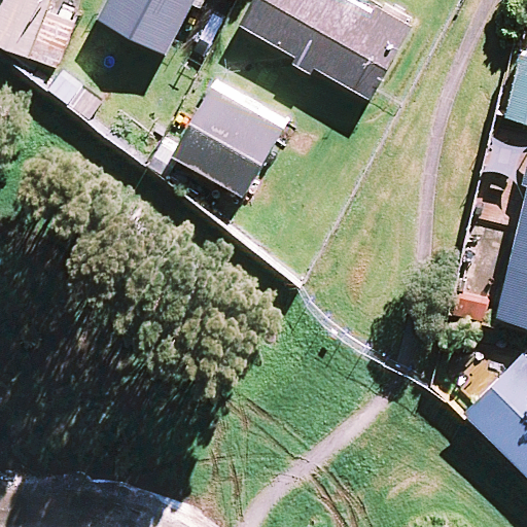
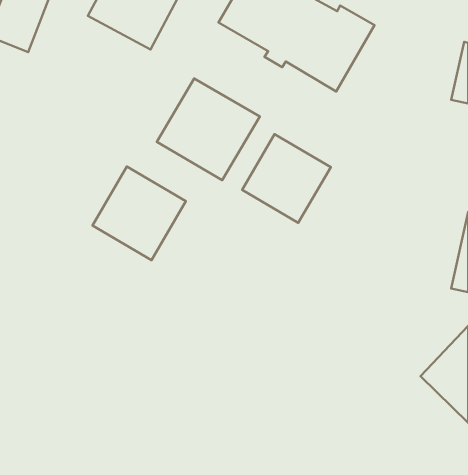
building: none -> [242,134,331,223]
building: none -> [92,167,186,260]

